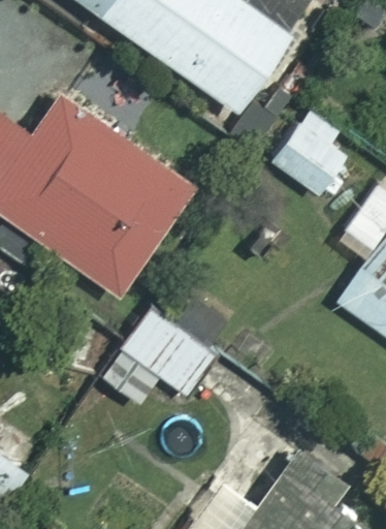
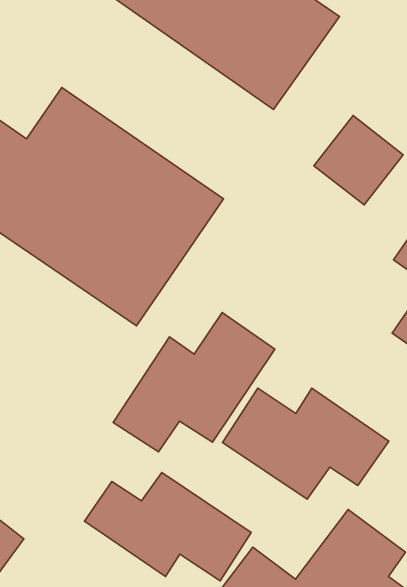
building: none -> [223,388,389,499]
building: none -> [84,473,251,581]

